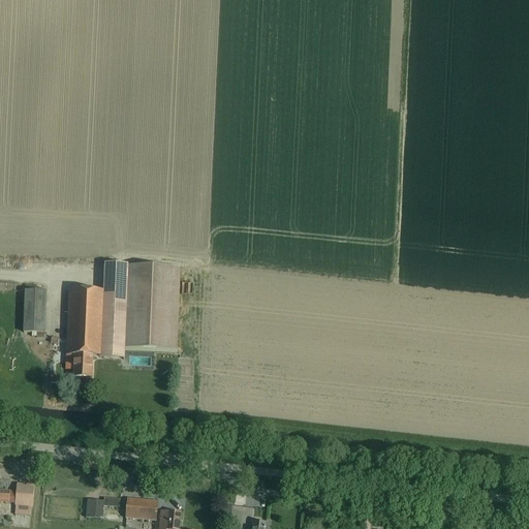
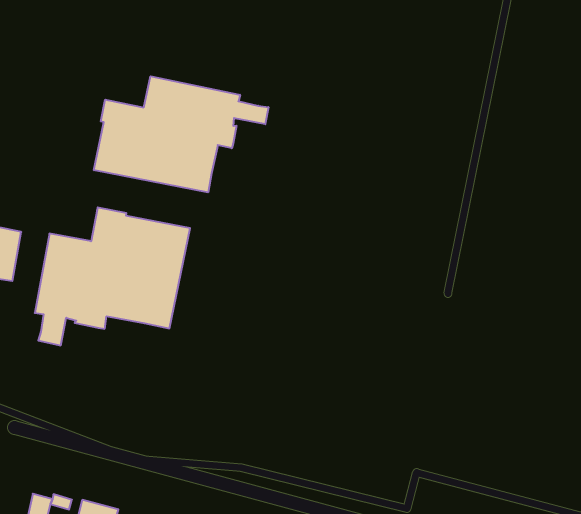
building: none -> [94,76,268,192]

